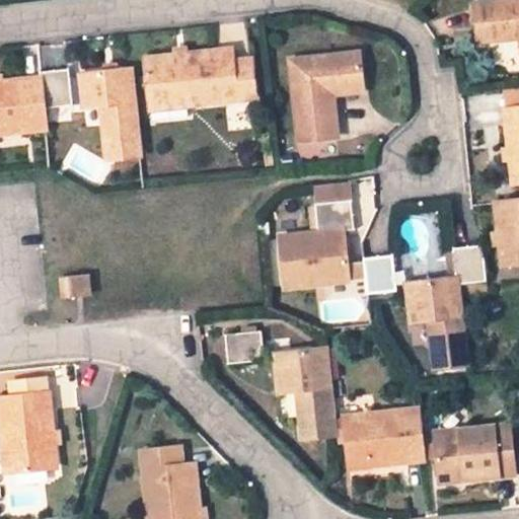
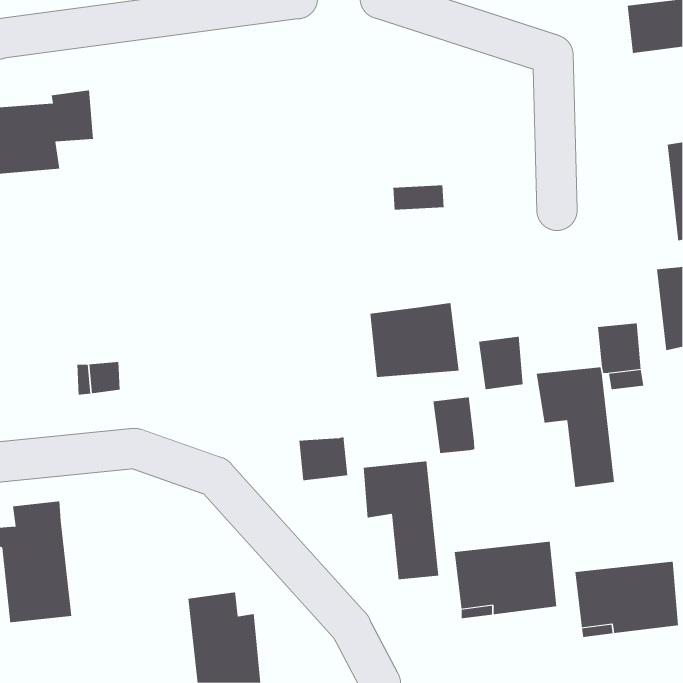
building: [144,49,251,120] -> none
building: [290,54,361,140] -> none
building: [80,69,139,159] -> none
building: [315,200,354,232] -> none
building: none -> [433,396,475,454]

